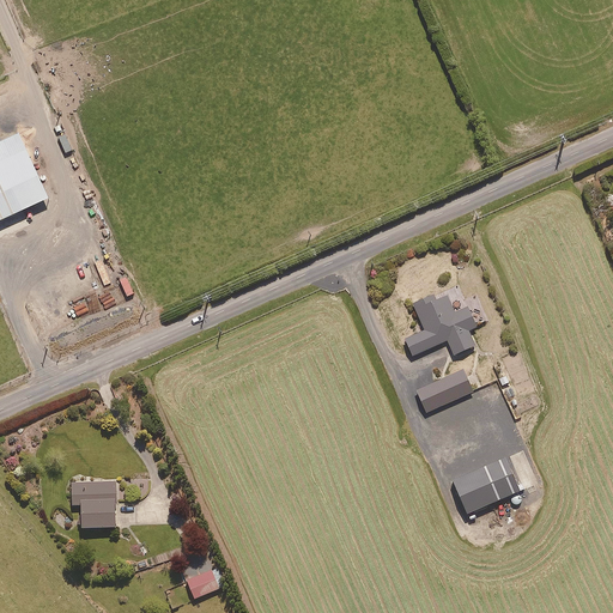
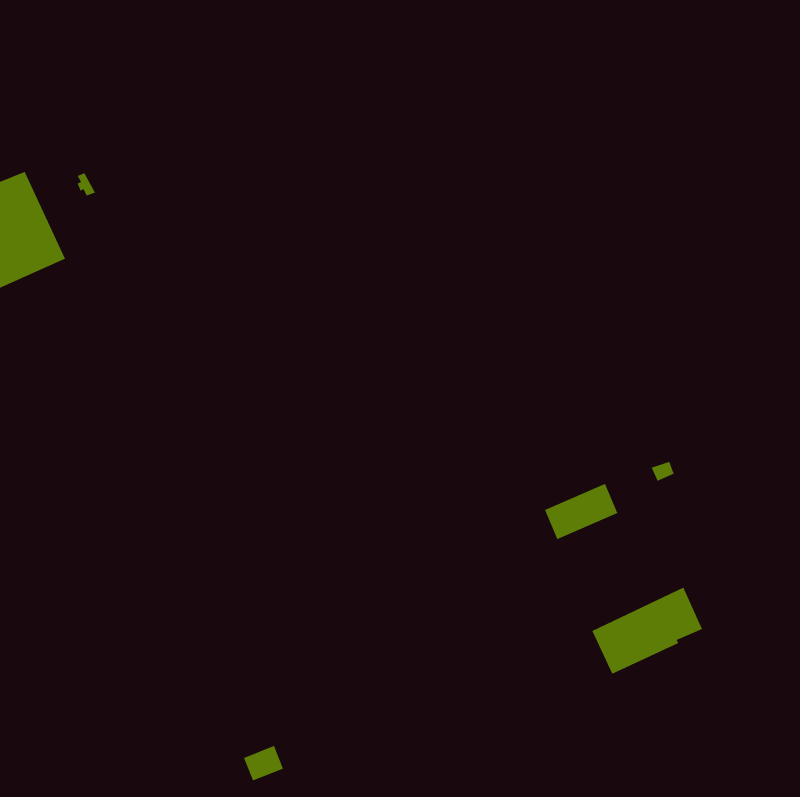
building: [405,295,475,354] -> none
building: [69,481,113,524] -> none

